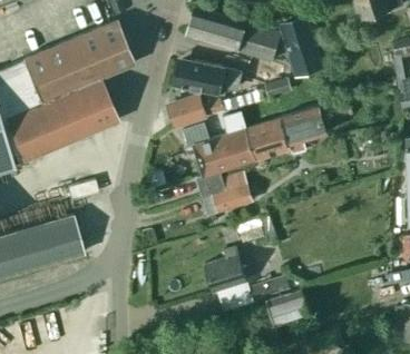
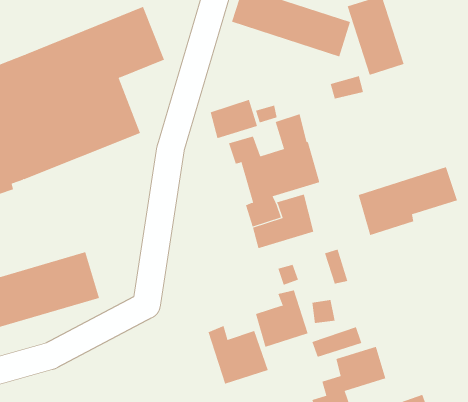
building: [173,61,241,96] -> none
building: [247,108,326,163] -> [358,167,458,236]
building: none -> [208,325,268,385]

